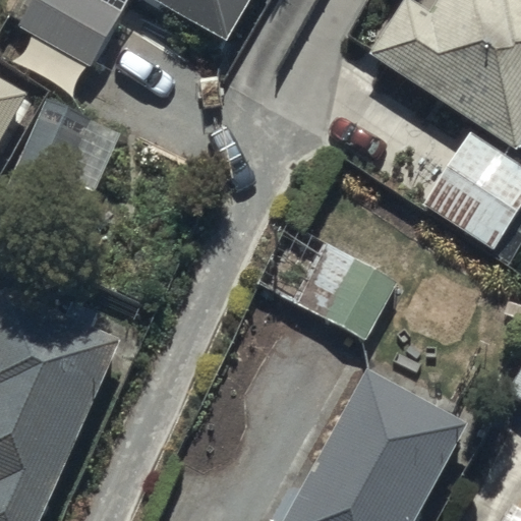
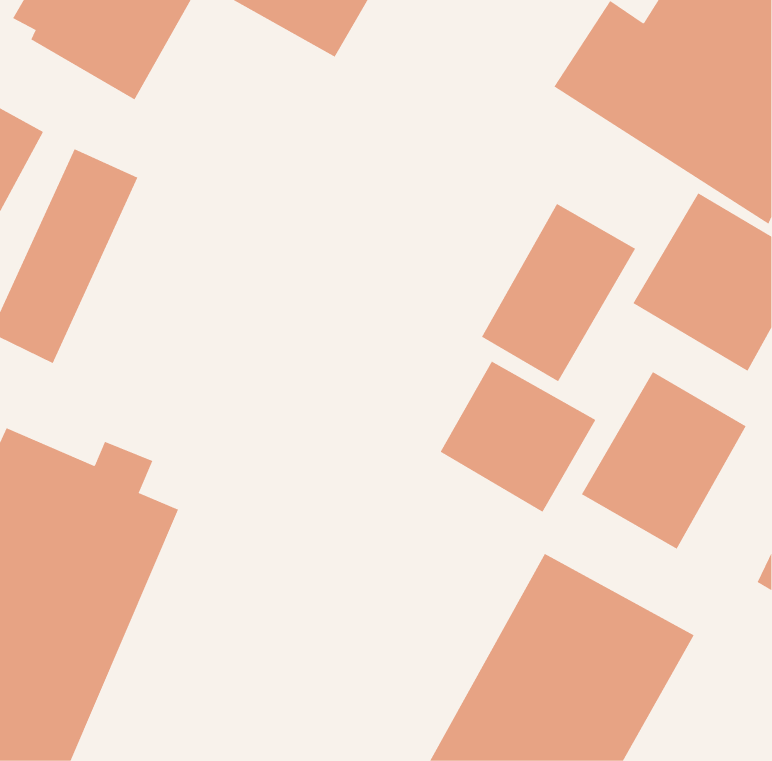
building: none -> [481,203,636,382]
building: none -> [581,371,747,549]

